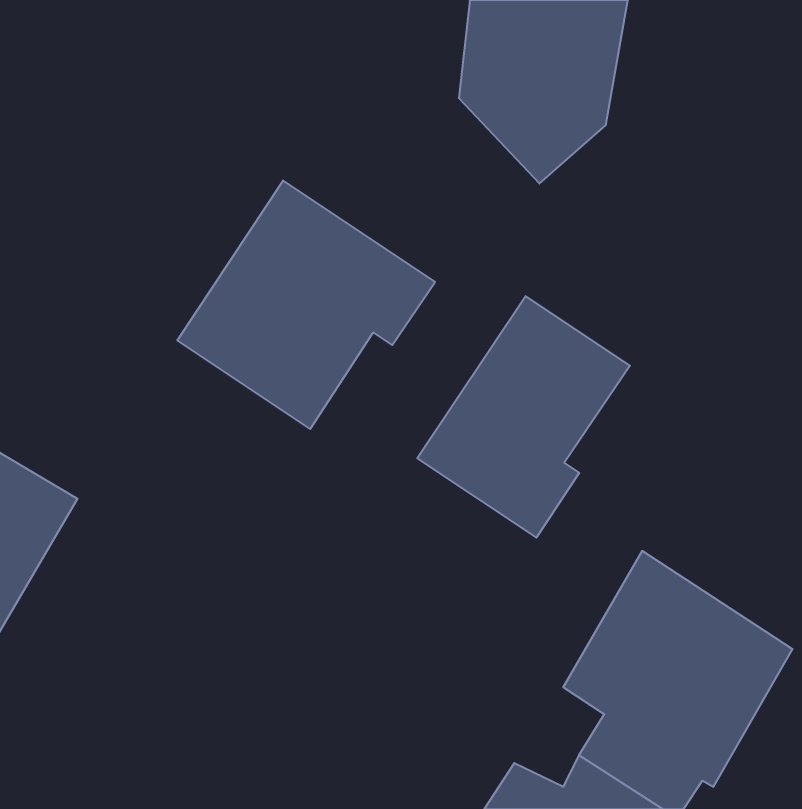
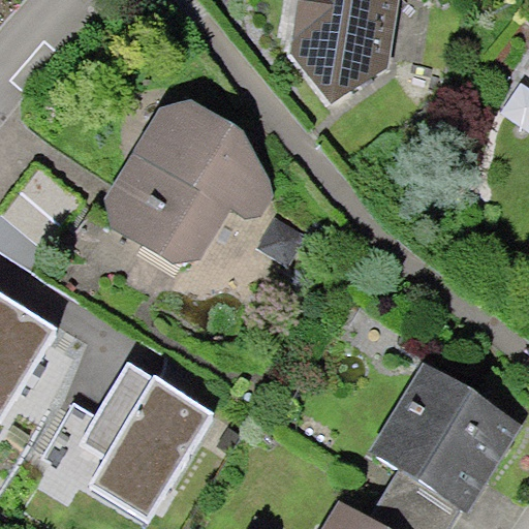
building: [417,296,630,538] -> none
building: none -> [38,360,206,507]

